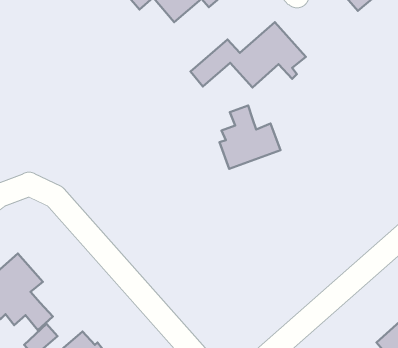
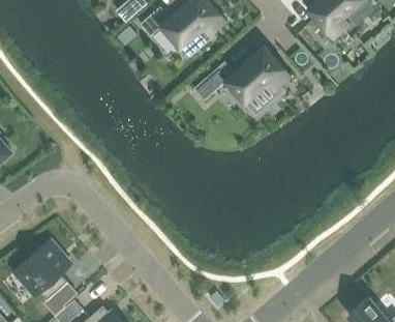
building: [219,106,280,169] -> none

